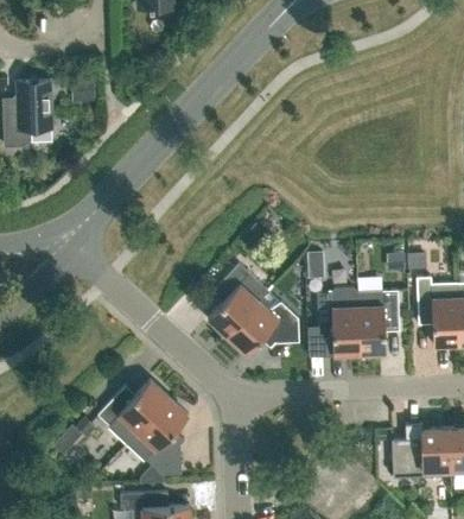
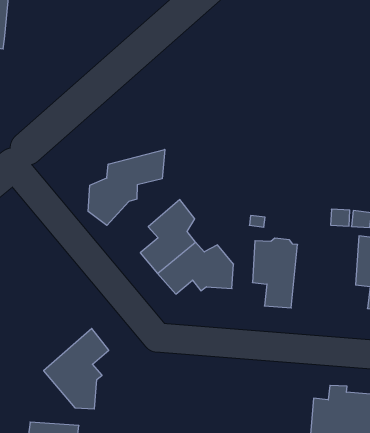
building: none -> [88,149,165,225]
building: [357,290,399,354] -> none
building: [97,379,169,443] -> none

